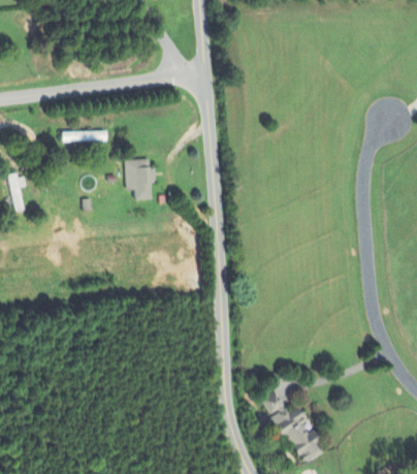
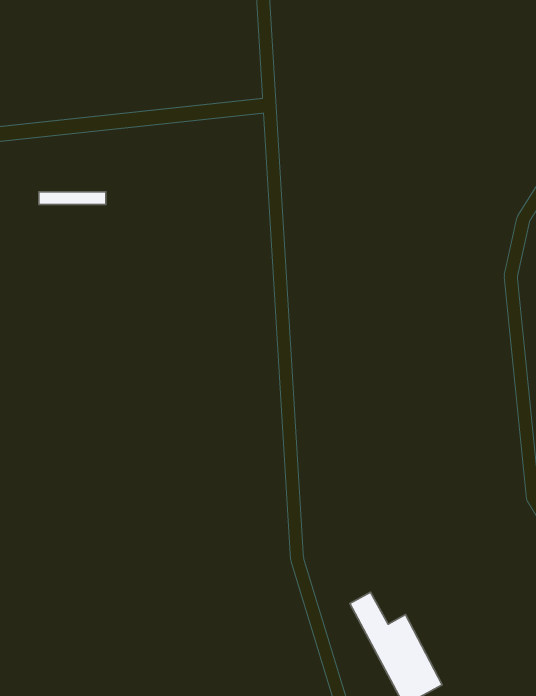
building: [126,159,154,199] -> none

